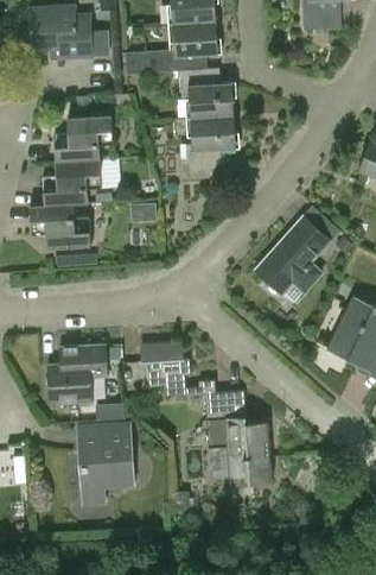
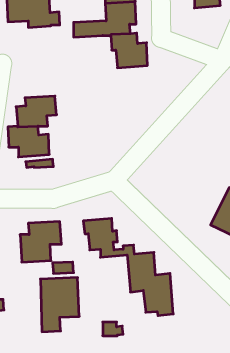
building: [53,115,113,163] -> none
building: [179,115,235,179] -> none
building: [254,216,330,295] -> none

